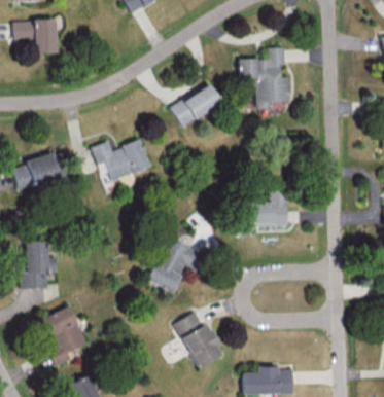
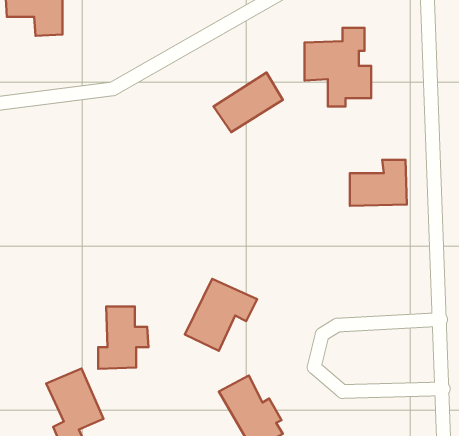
building: [91,140,150,181] -> none
building: [12,153,63,190] -> none
building: [245,192,288,227] -> [350,160,407,206]
building: [20,242,58,289] -> [98,307,148,369]

